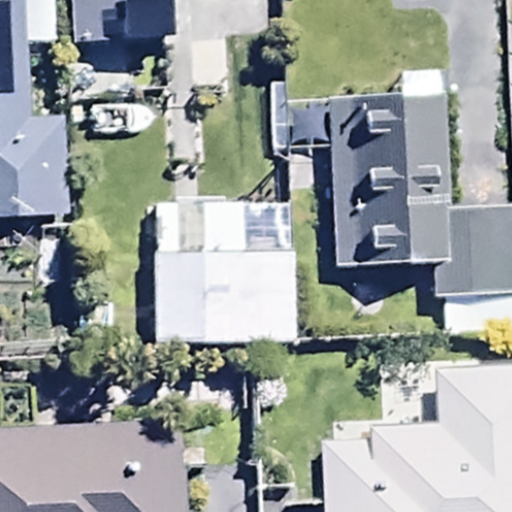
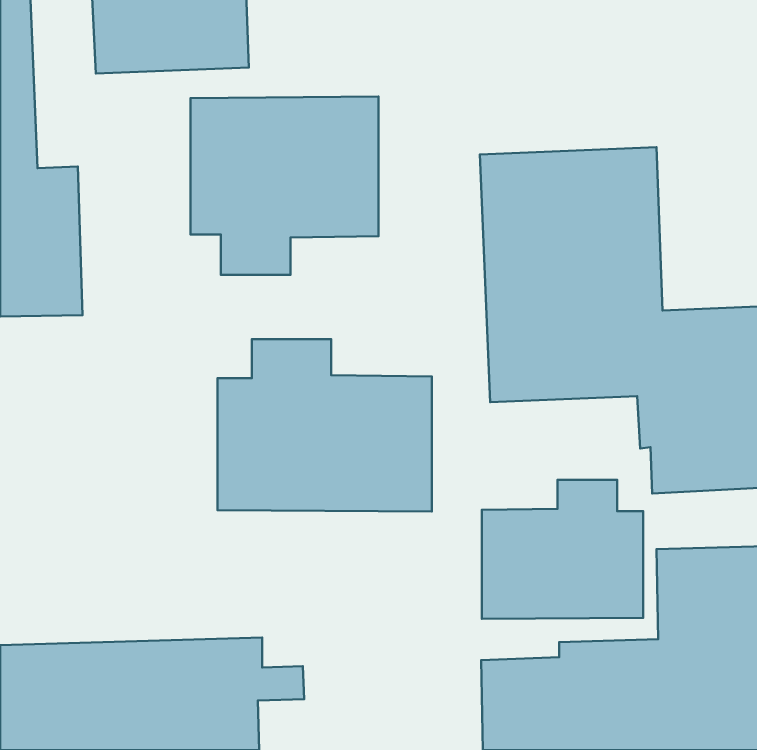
building: none -> [190,96,379,275]
building: none -> [482,480,643,619]

